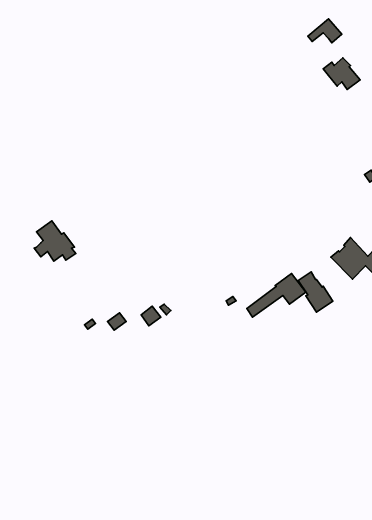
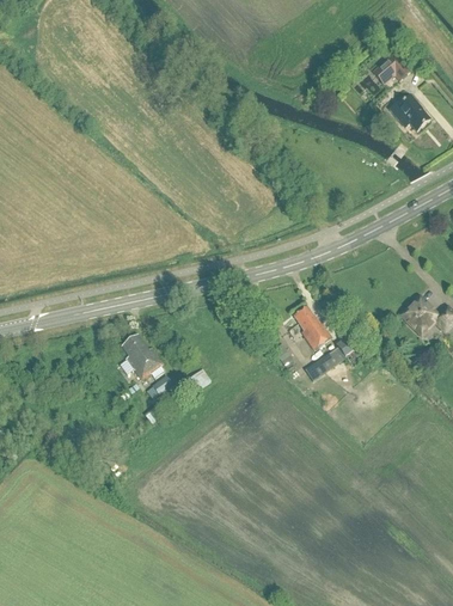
building: [34,221,76,261] -> [120,335,165,379]
building: [298,272,333,312] -> [294,305,332,349]

